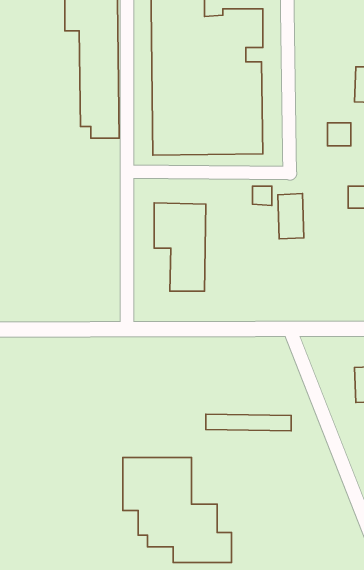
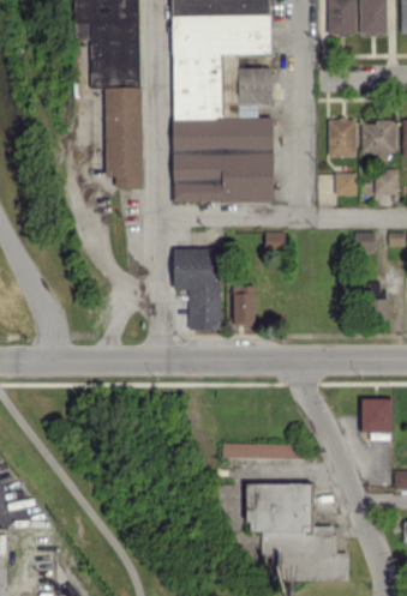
building: none -> [328,119,355,157]
building: [278,194,304,239] -> [233,284,257,326]
building: [123,458,231,562] -> [247,483,348,580]

